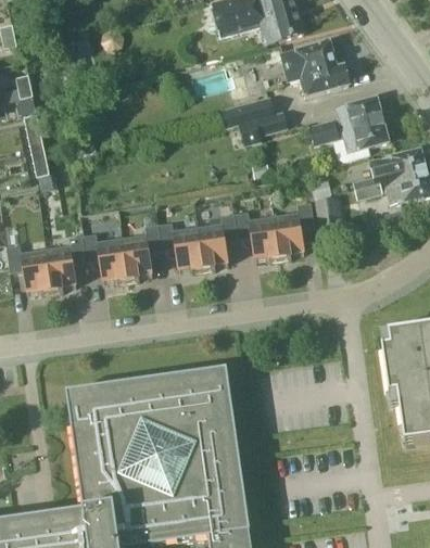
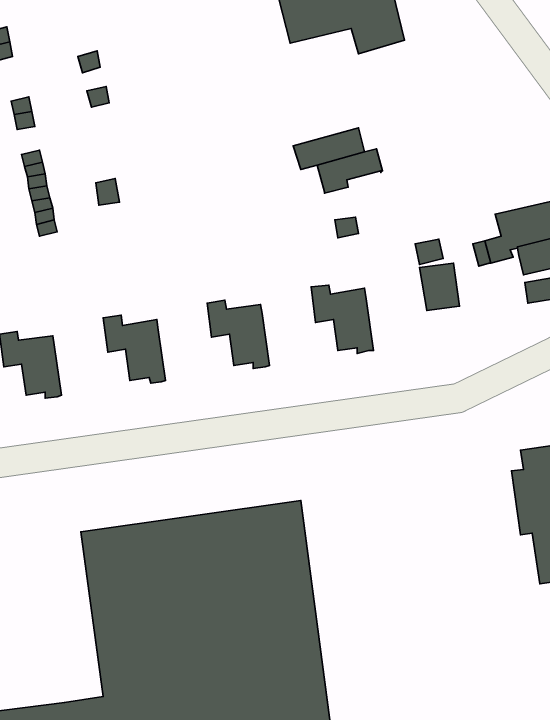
building: [281,40,349,95] -> none
building: [311,98,388,161] -> none
building: [274,202,314,259] -> none
building: [198,213,238,270] -> none
building: [122,225,162,281] -> none
building: [46,235,86,292] -> none

